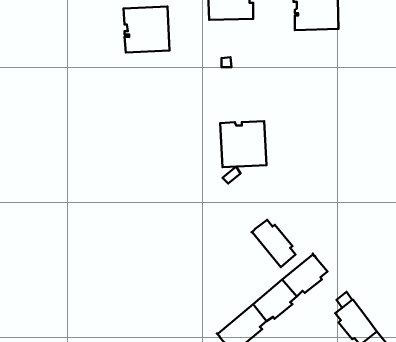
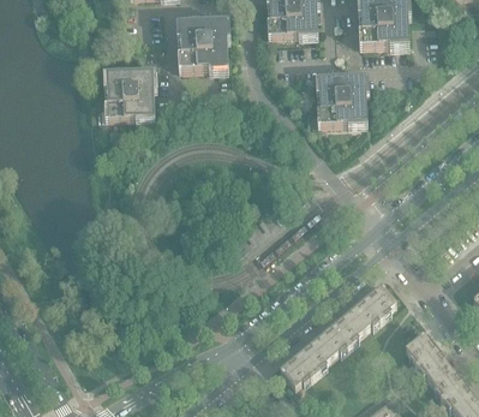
building: none -> [106,70,155,119]
building: [220,121,267,167] -> [318,75,367,124]
building: [251,220,296,267] -> none

